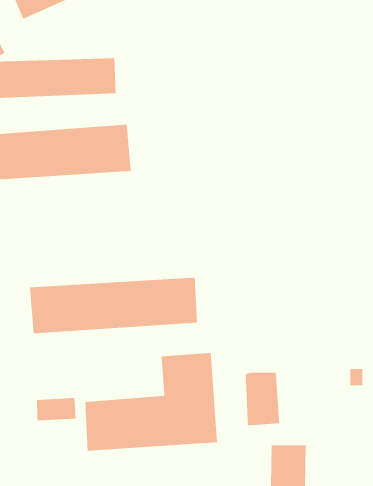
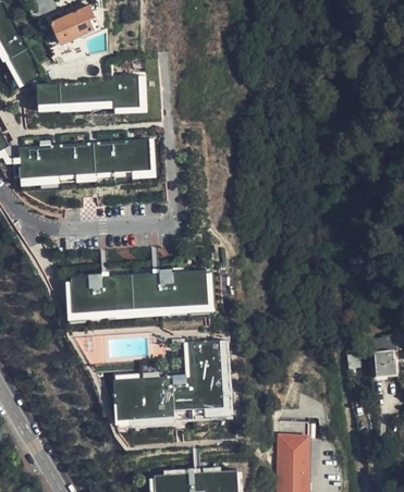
building: [245,372,280,426] -> none
building: [37,397,76,421] -> none

